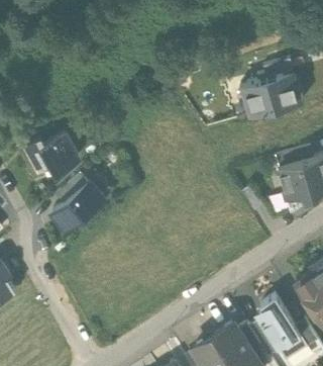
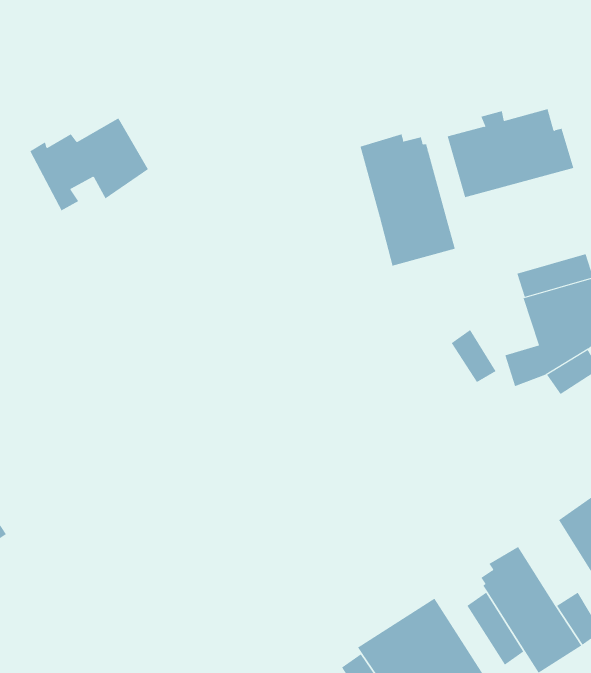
building: none -> [360,134,455,266]
building: [19,131,80,179] -> [29,118,149,211]
building: [52,181,102,227] -> none

